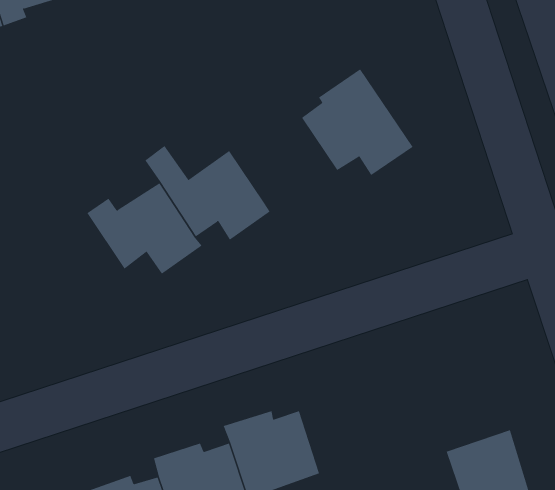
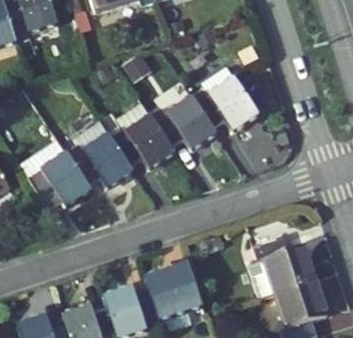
building: none -> [149,95,216,148]
building: none -> [23,139,90,210]
building: none -> [252,235,315,297]

